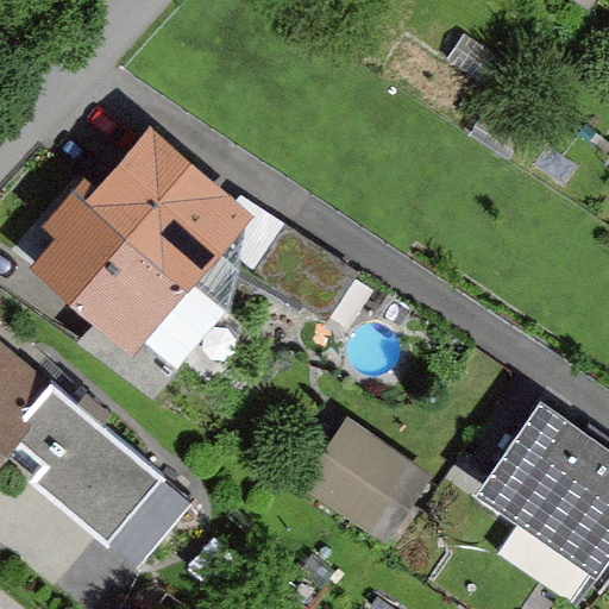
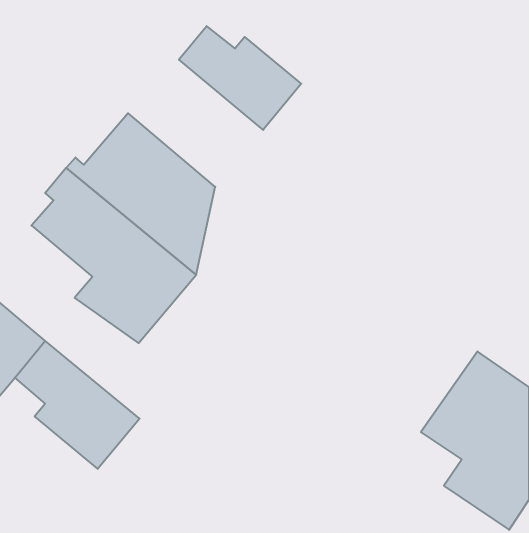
building: none -> [179,26,301,130]
building: [304,419,422,534] -> none

